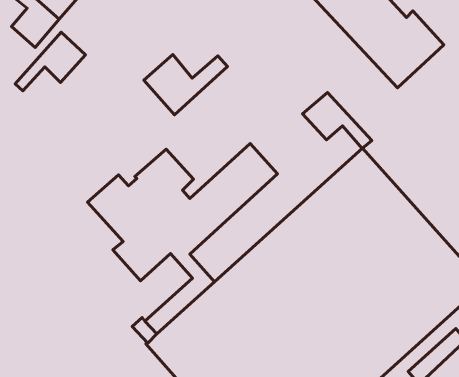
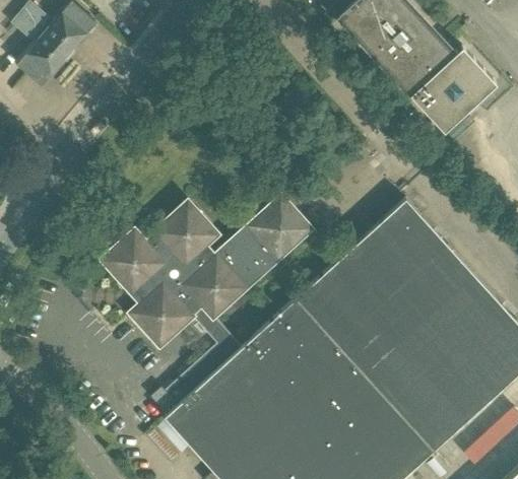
building: [15,32,86,91] -> none
building: [144,55,228,115] -> none
building: [303,93,372,149] -> none

